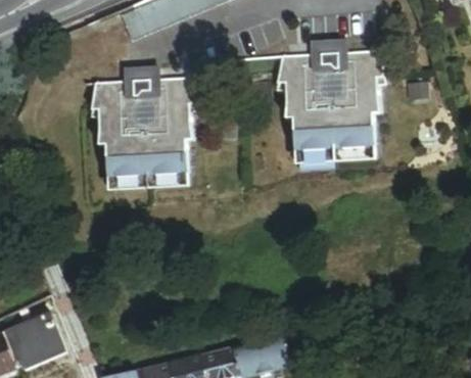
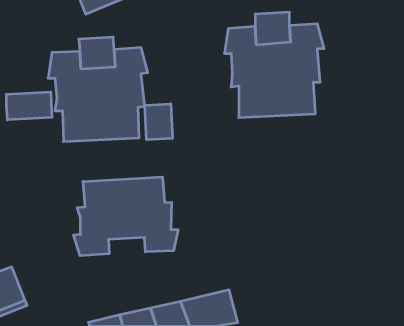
building: none -> [6,92,52,120]
building: none -> [145,104,172,140]
building: none -> [74,177,178,256]

